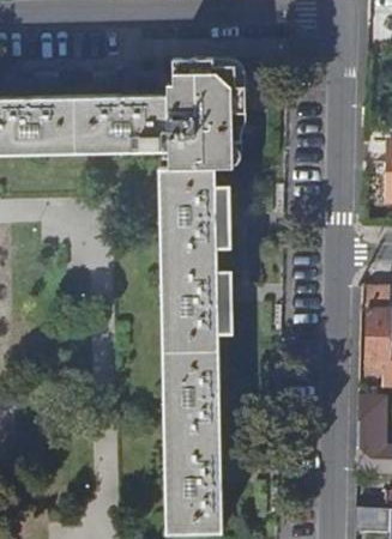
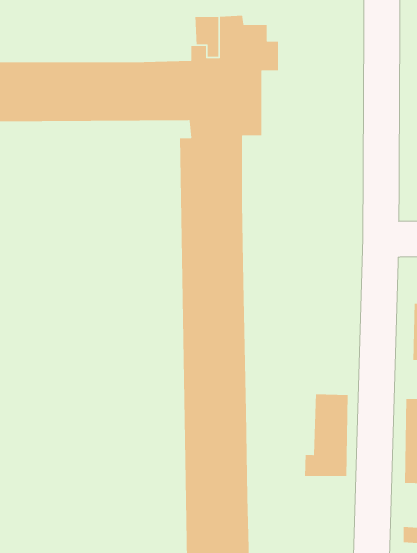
building: none -> [304,394,348,477]

